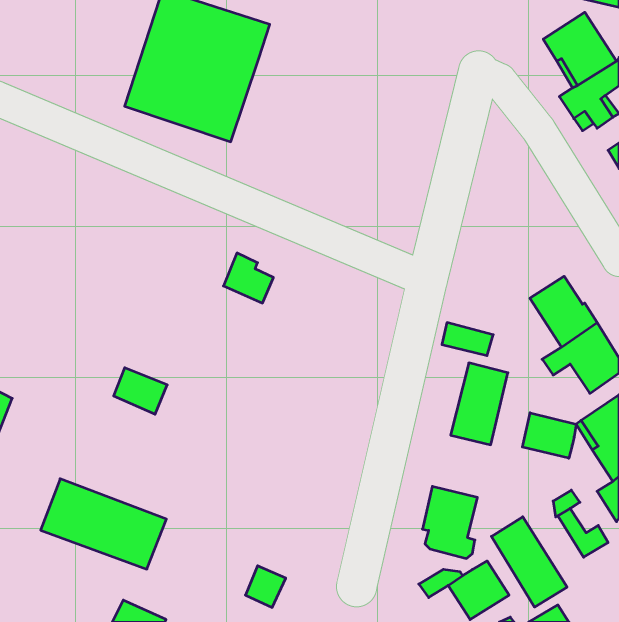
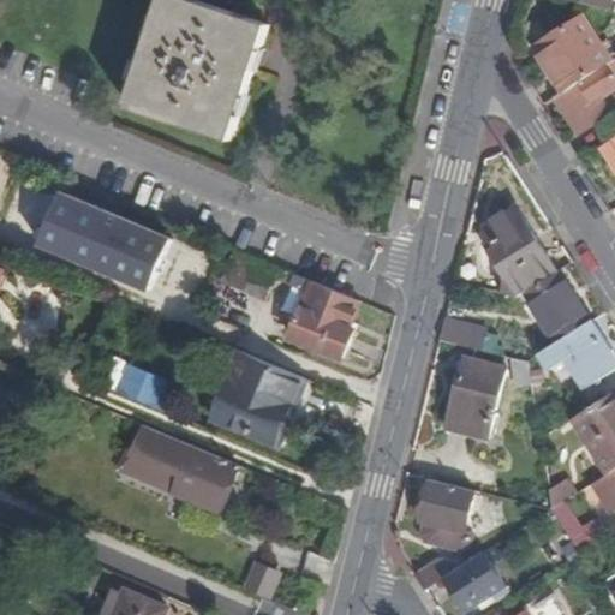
building: none -> [38,195,167,291]
building: none -> [480,207,553,293]
building: none -> [286,282,356,357]
building: none -> [210,352,301,443]
building: [522,413,576,458] -> none
building: [41,479,166,569] -> [119,424,243,513]
building: [491,517,567,607] -> none

